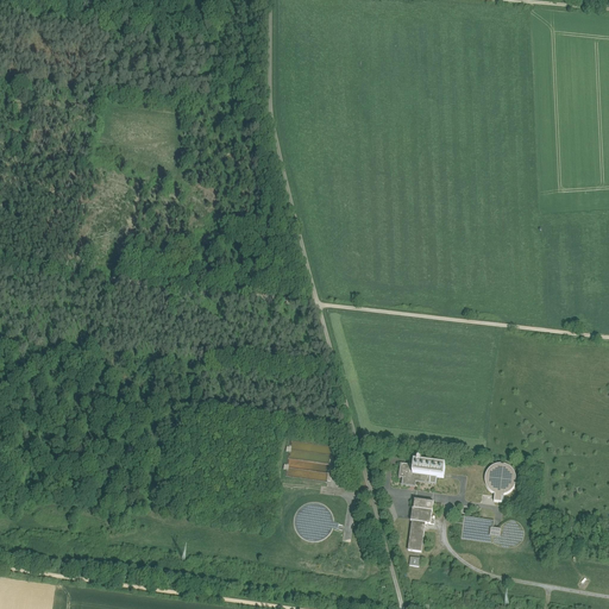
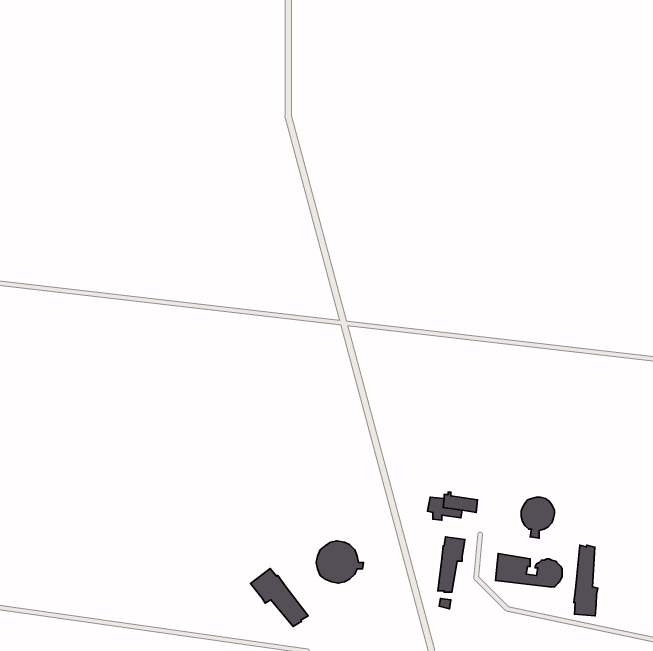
building: none -> [574,545,598,616]
building: none -> [250,568,308,627]

